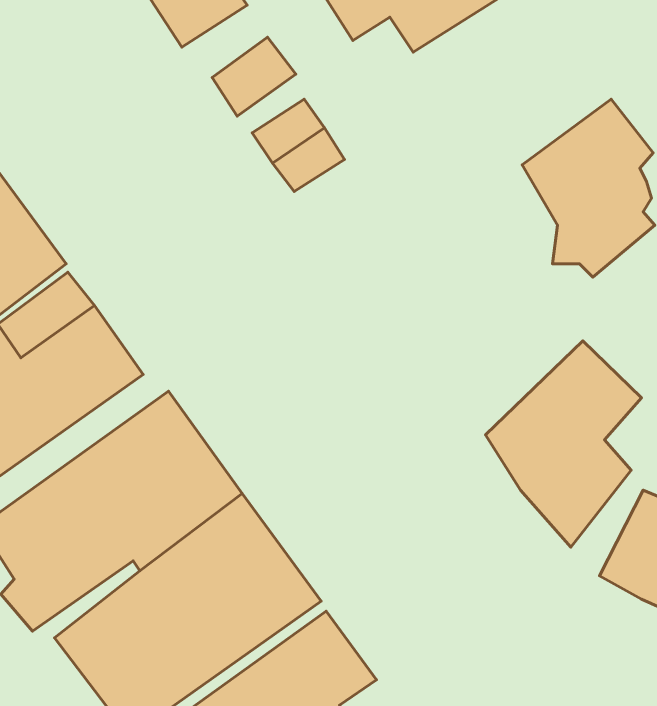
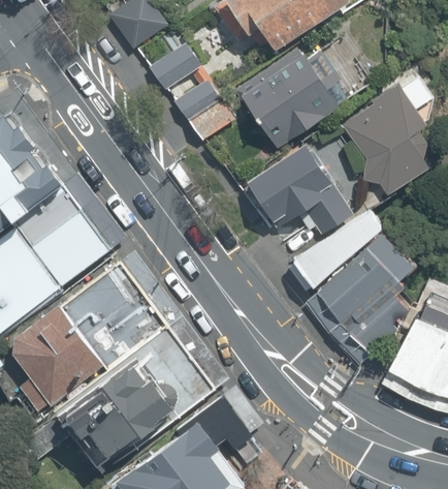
building: none -> [236,49,343,152]
building: none -> [245,146,347,236]
building: none -> [296,204,378,282]

